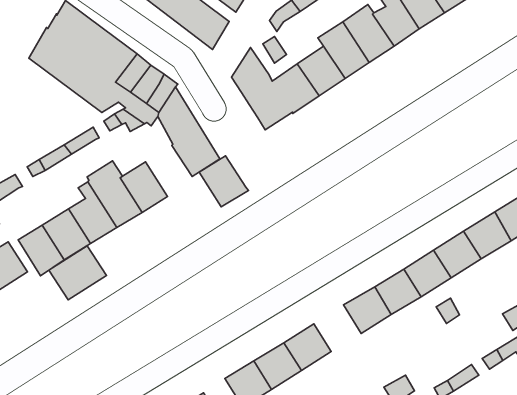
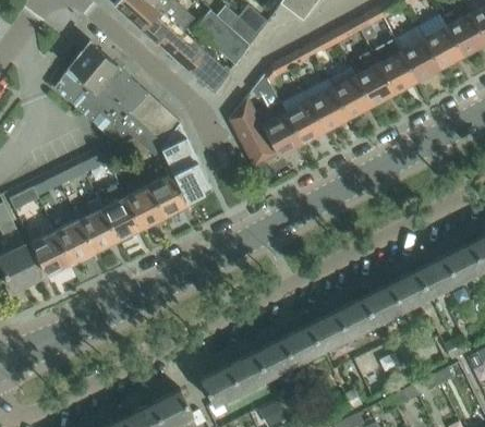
building: [199,156,249,207] -> [147,174,189,218]
building: [49,246,106,300] -> none
building: none -> [280,325,320,364]

